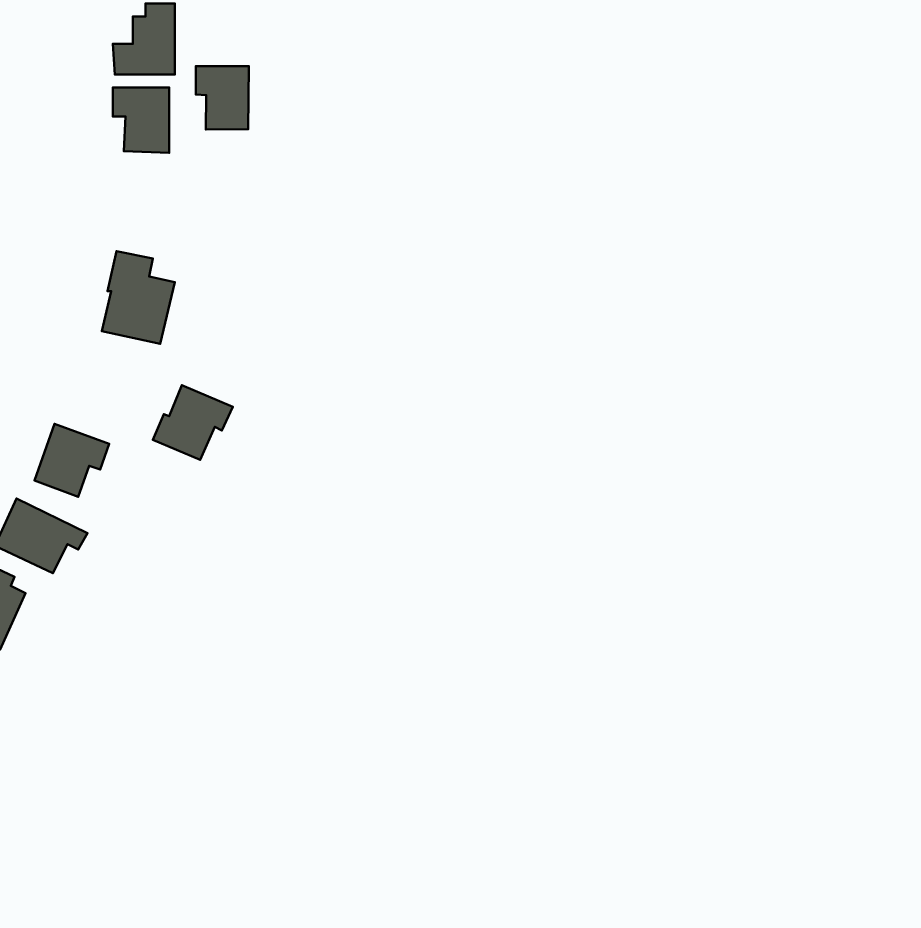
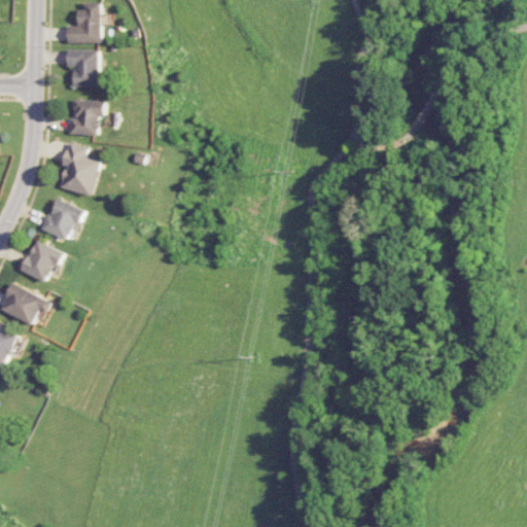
building: [196,66,249,130] -> none
building: none -> [67,101,103,136]
building: [153,385,233,460] -> [38,199,83,241]

